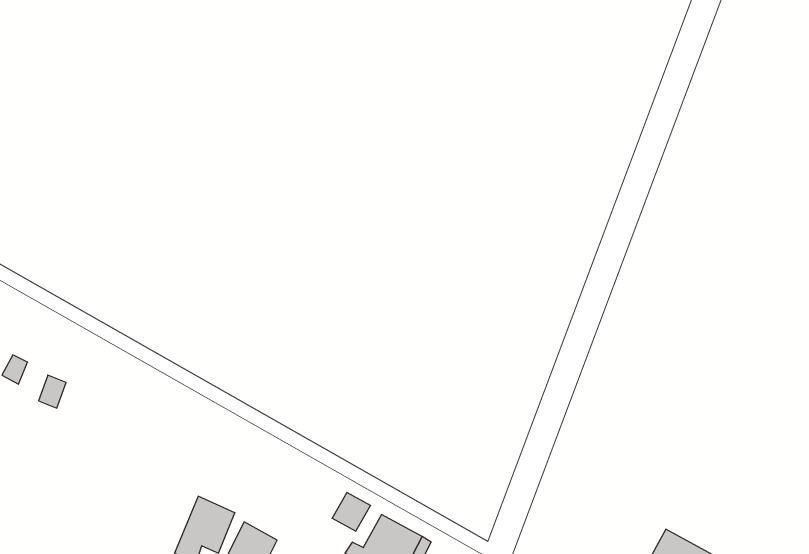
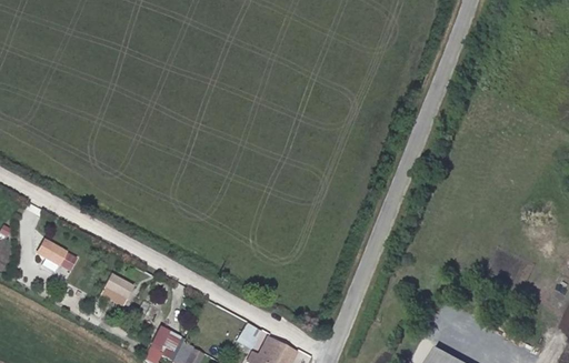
building: none -> [97,274,131,307]

